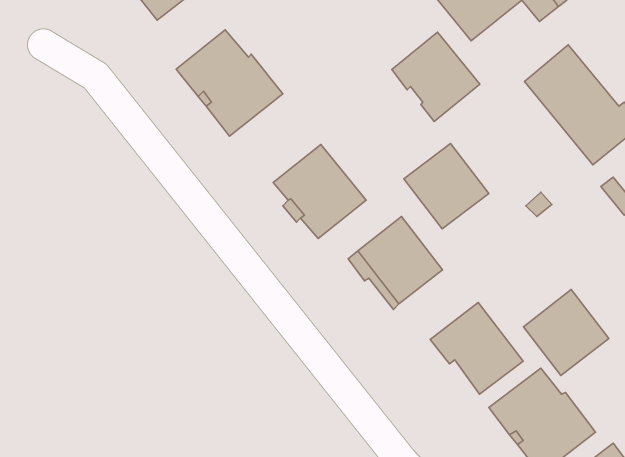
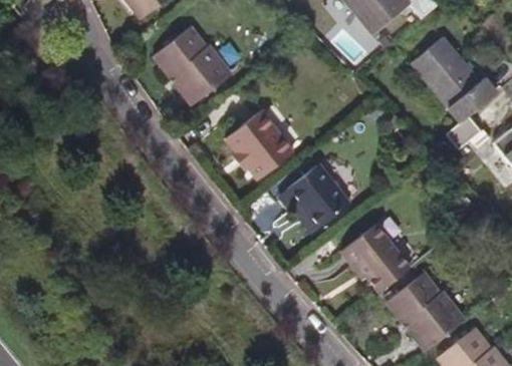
building: [392,32,480,122] -> none
building: [404,143,489,229] -> none
building: [523,290,609,376] -> none

